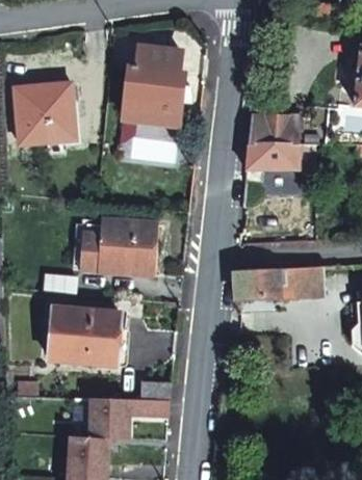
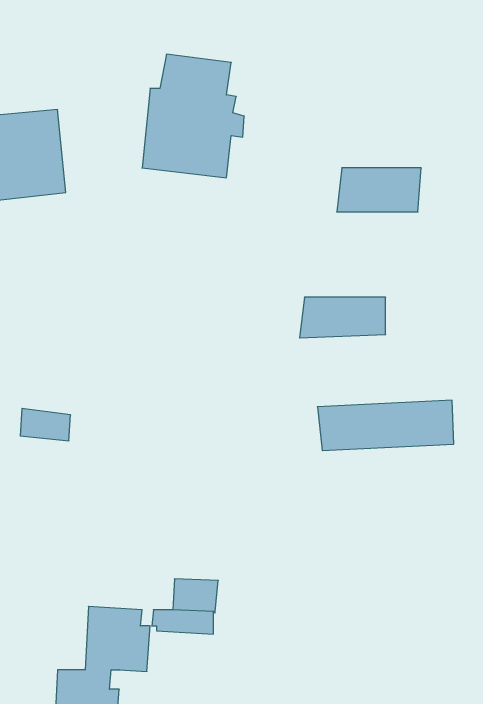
building: [244,146,300,172] -> [300,297,386,338]
building: [79,220,154,271] -> none
building: [49,306,120,365] -> none

